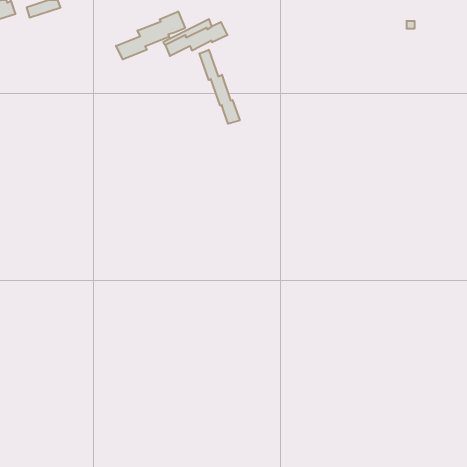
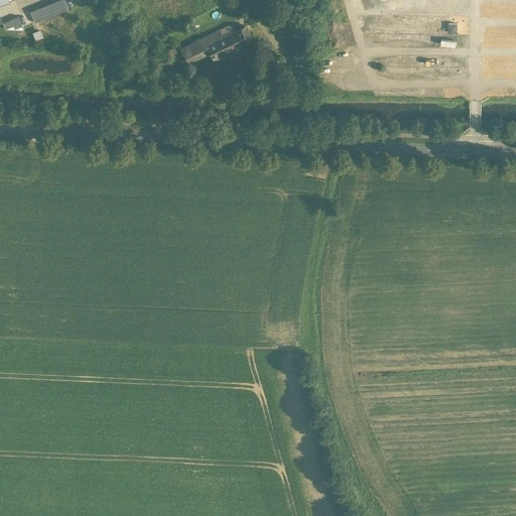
building: [116,11,185,59] -> none
building: [199,50,240,124] -> none

